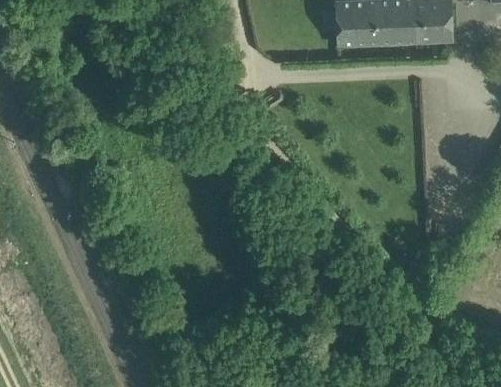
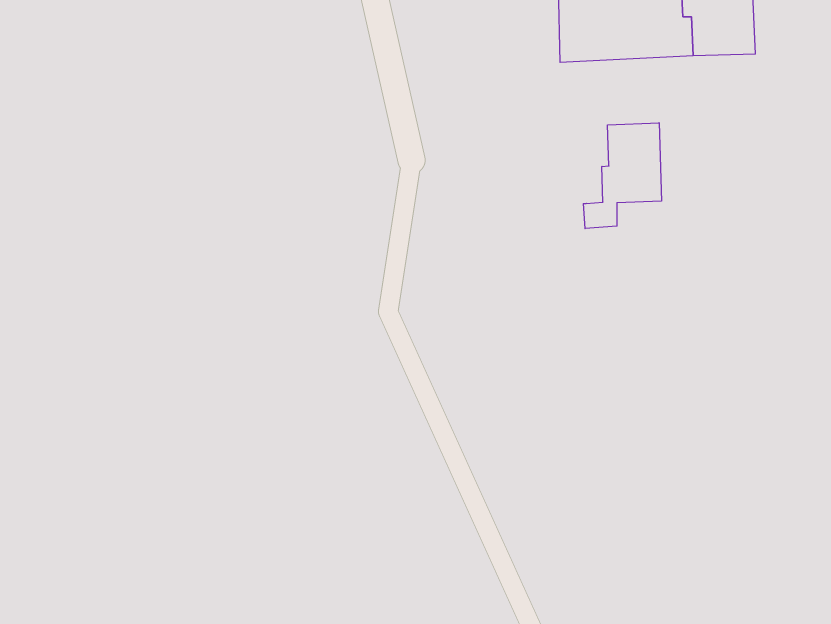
building: none -> [583,123,661,229]

